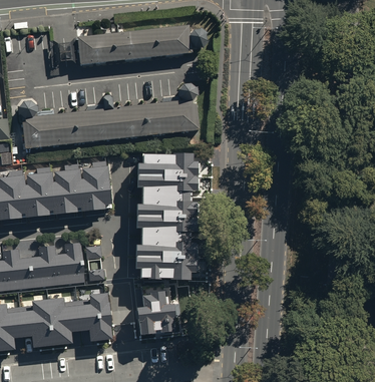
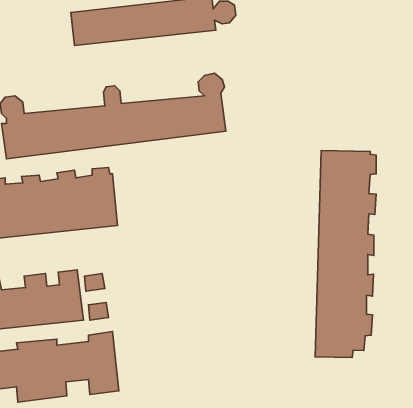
building: none -> [315,150,376,358]
building: [134,152,199,280] -> none
building: [137,293,177,336] -> none

